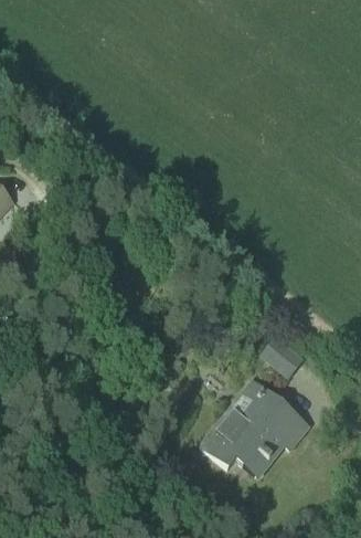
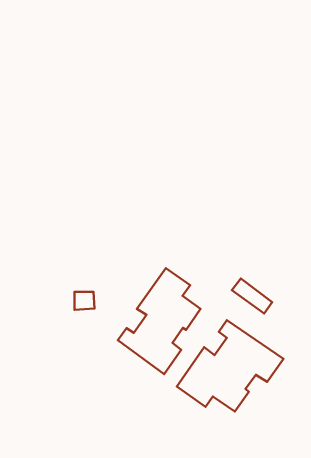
building: none -> [118,268,201,374]

